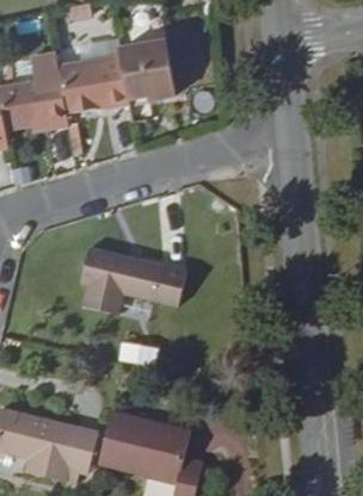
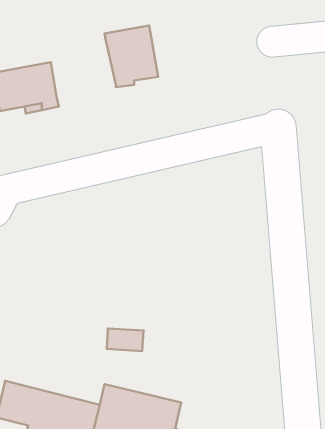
building: [57,46,128,105] -> none
building: [87,238,189,306] -> none

